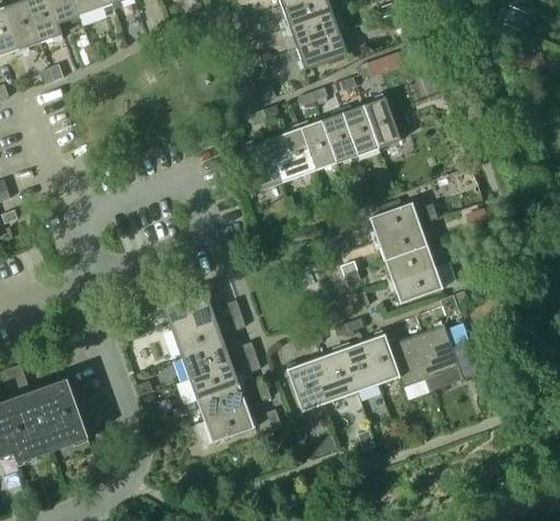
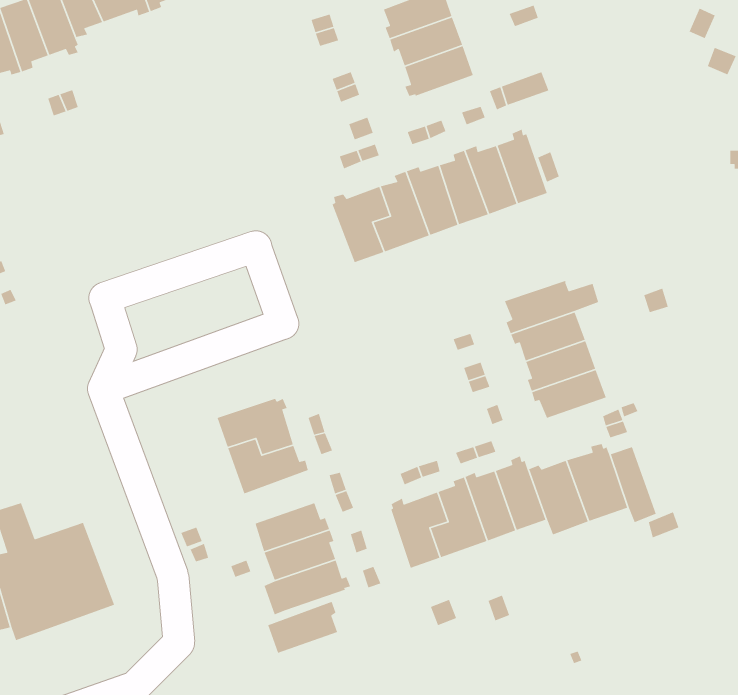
building: [182,340,233,379] -> [267,601,338,654]

